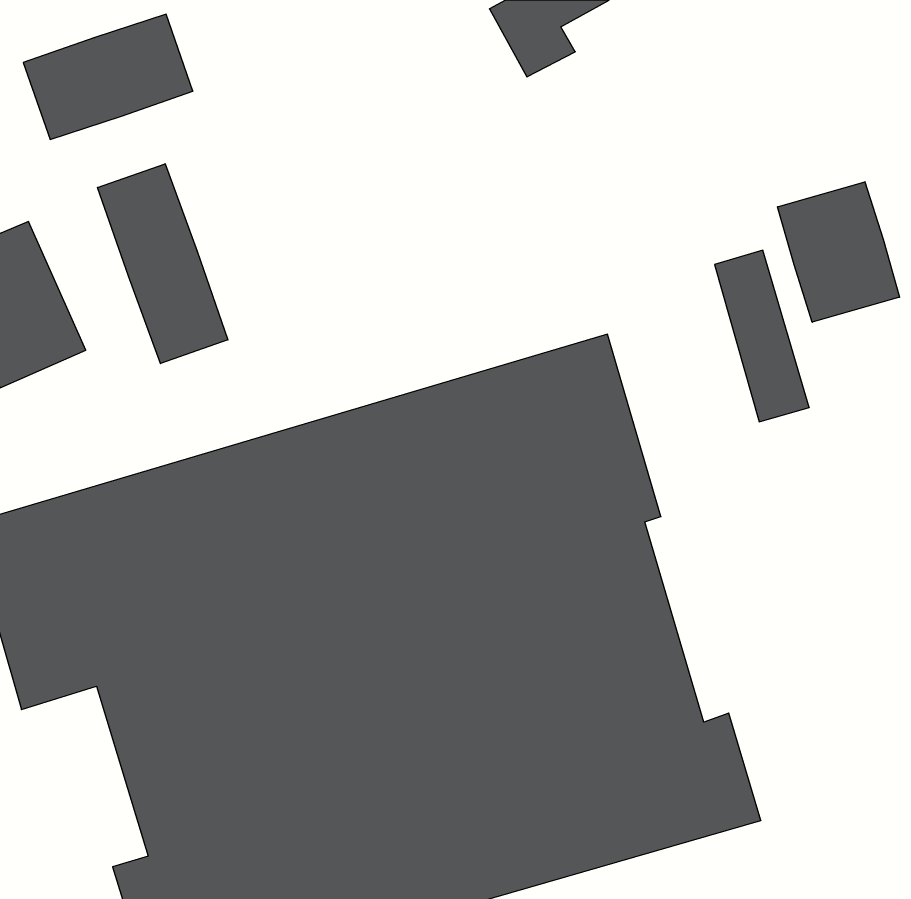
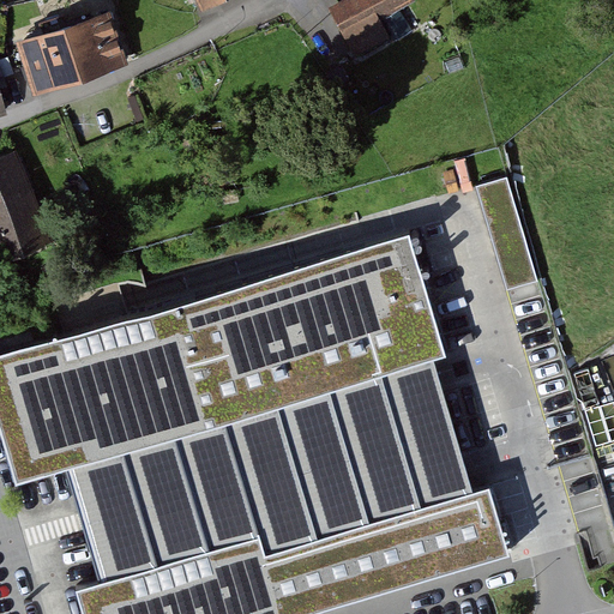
building: [98,164,228,364] -> none
building: [778,182,900,322] -> none

